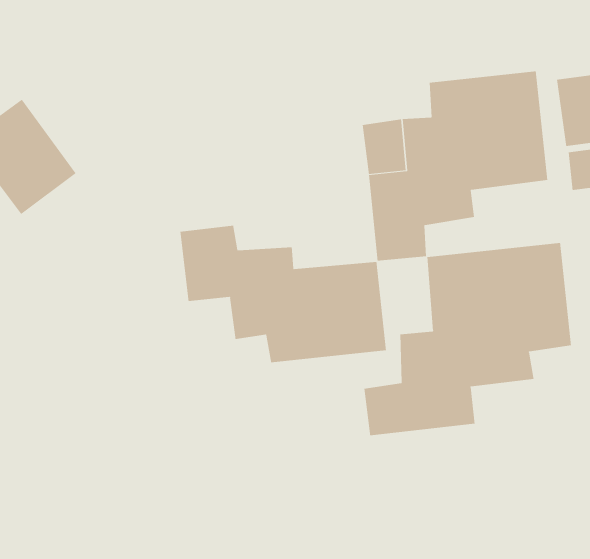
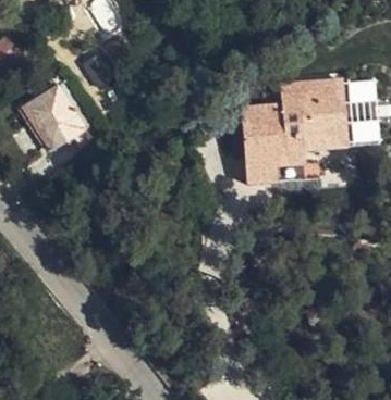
building: [180,225,386,363] -> none
building: [364,242,571,436] -> none

